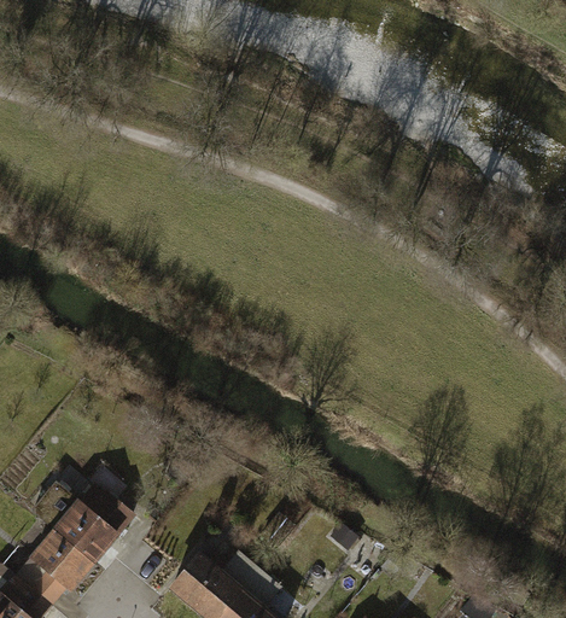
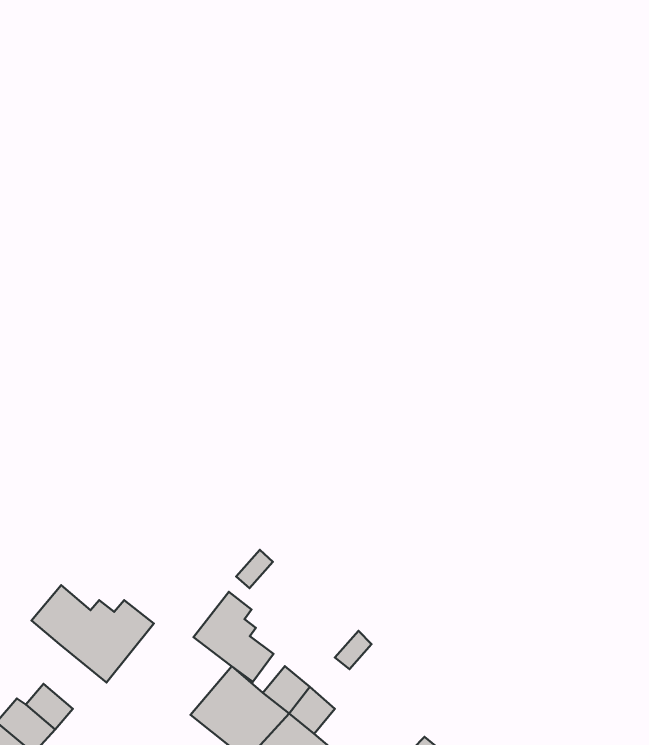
building: none -> [194,592,274,682]
building: [34,532,94,590] -> none

